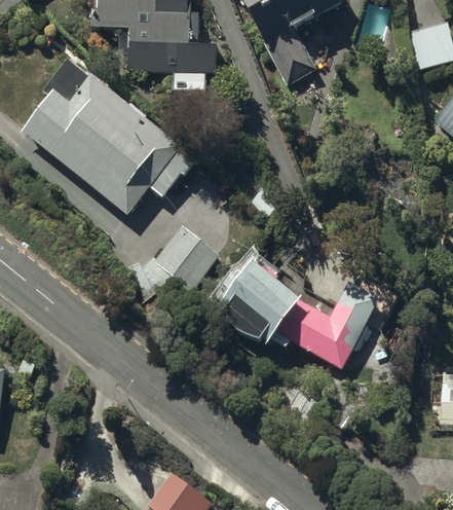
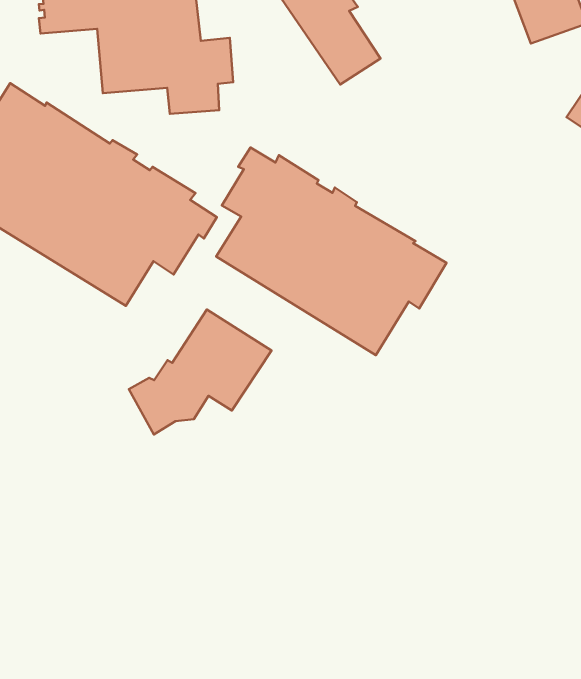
building: none -> [216,148,446,355]
building: [226,261,380,365] -> none

